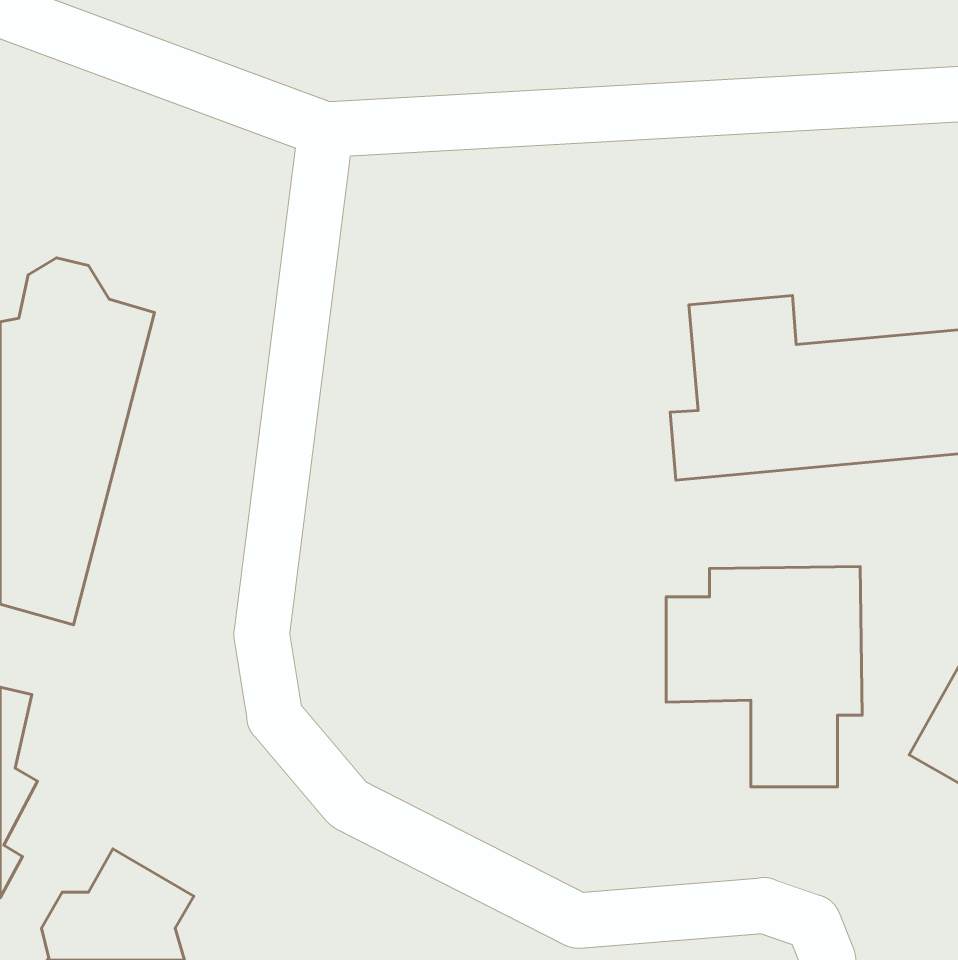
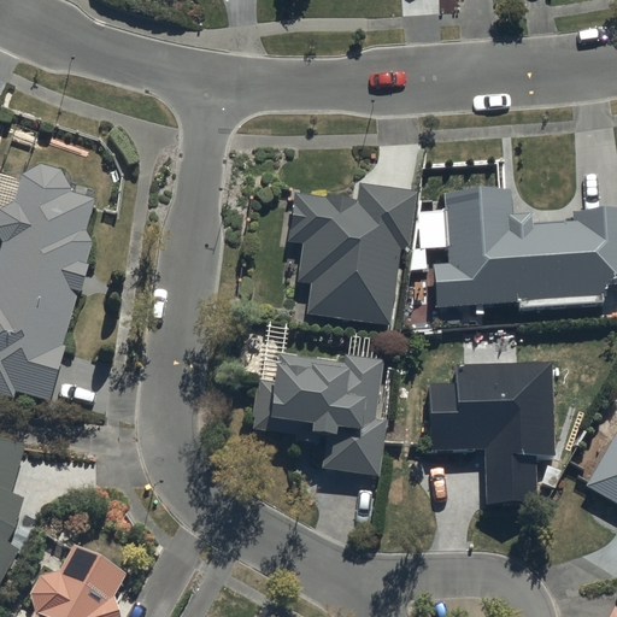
building: none -> [287,178,413,325]
building: none -> [248,346,388,478]

